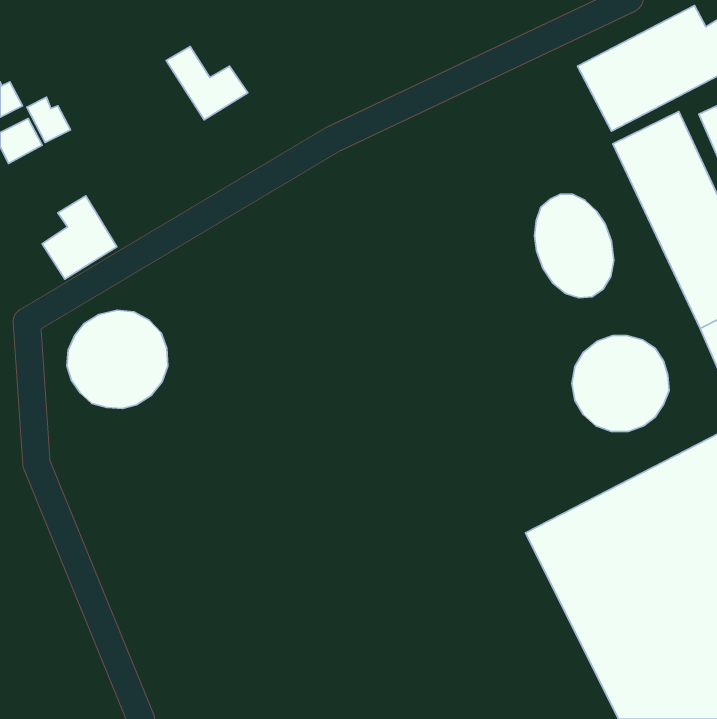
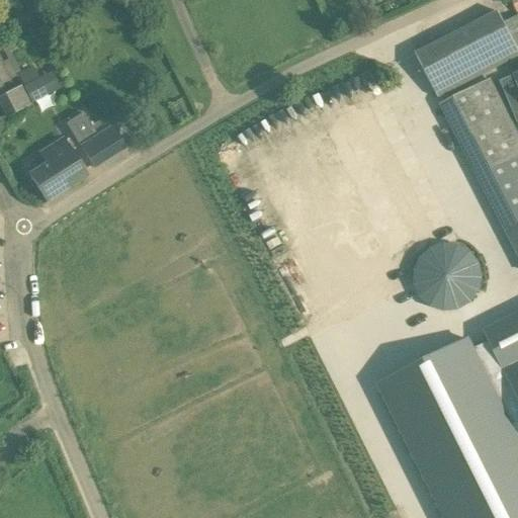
building: [166,46,248,120] -> [69,117,127,170]
building: [534,194,614,298] -> none
building: [67,310,168,409] -> none

